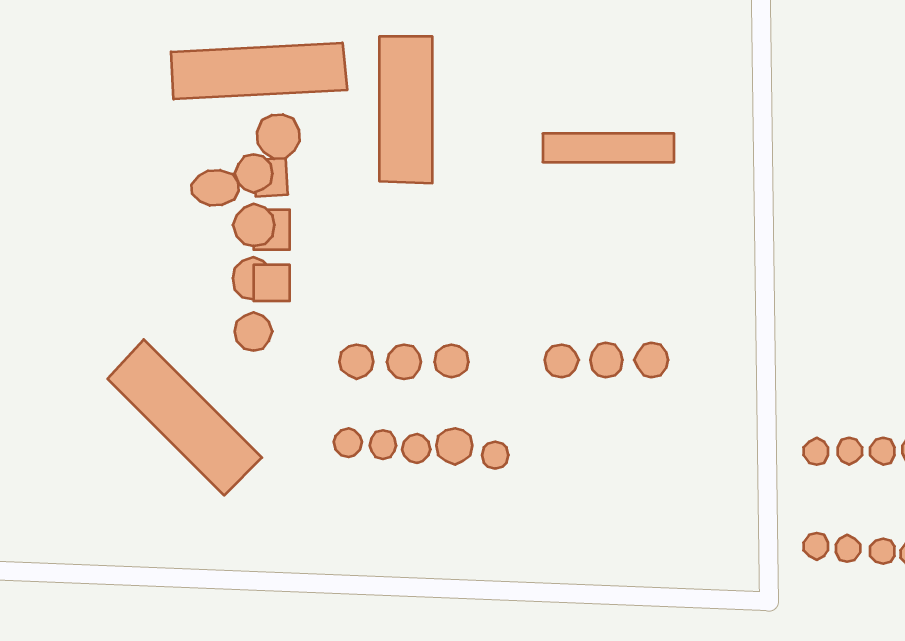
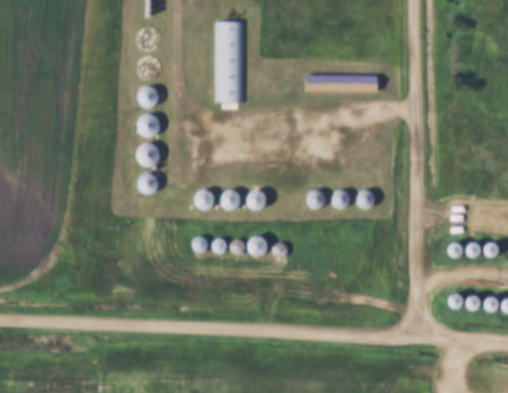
building: [171,43,347,99] -> none
building: [257,114,300,159] -> none
building: [192,170,238,206] -> none
building: [108,339,262,495] -> none

